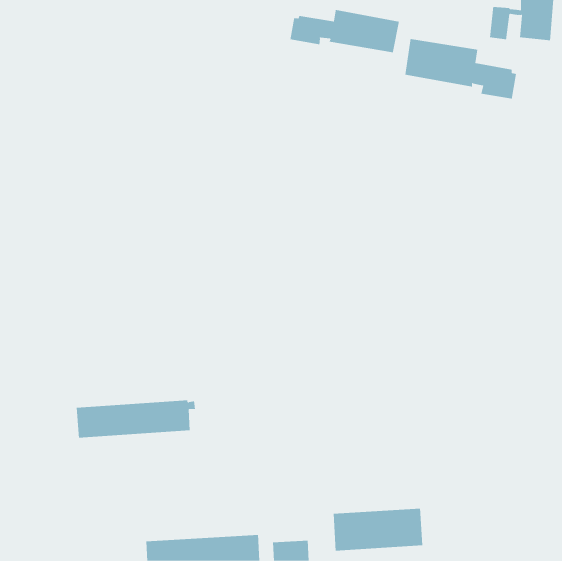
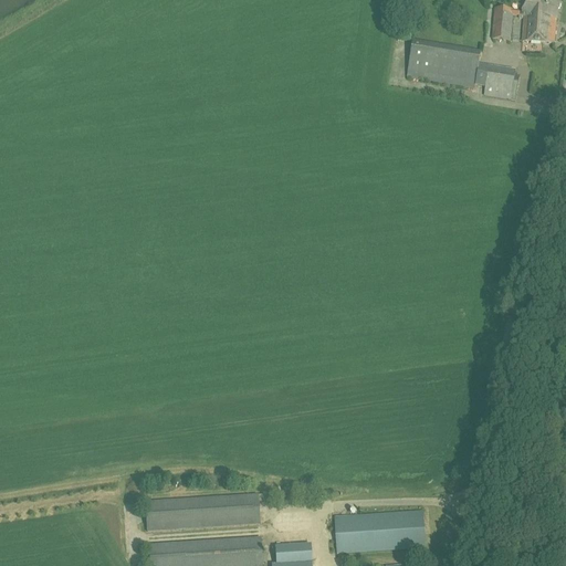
building: [290,9,400,53] -> none
building: [76,400,196,438] -> [144,492,264,531]

